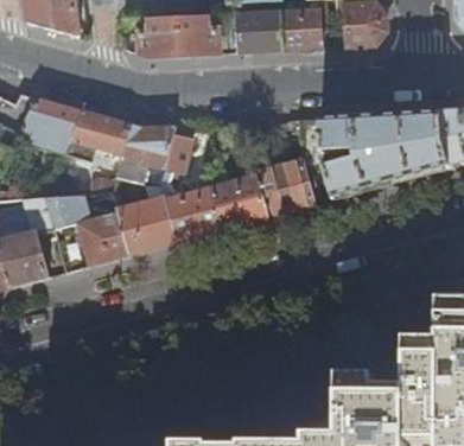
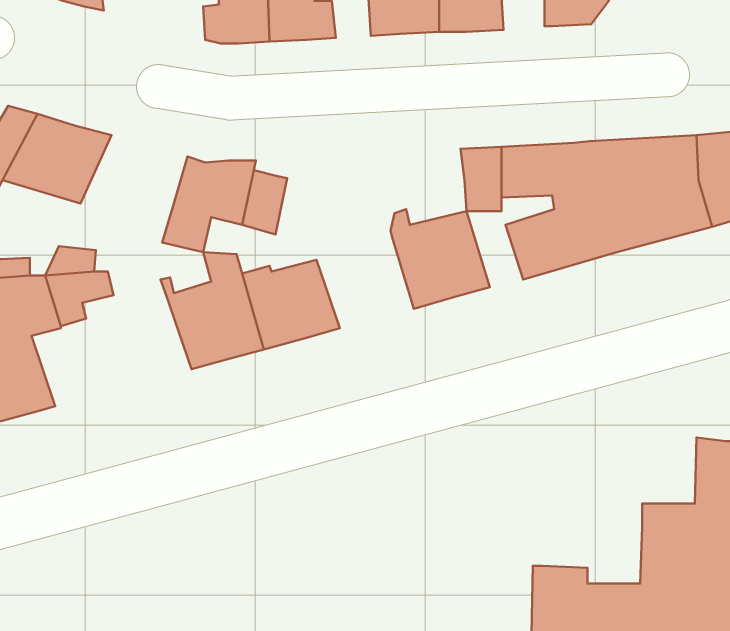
building: [62,110,128,155] -> none
building: [206,173,266,228] -> none
building: [75,191,131,265] -> none

